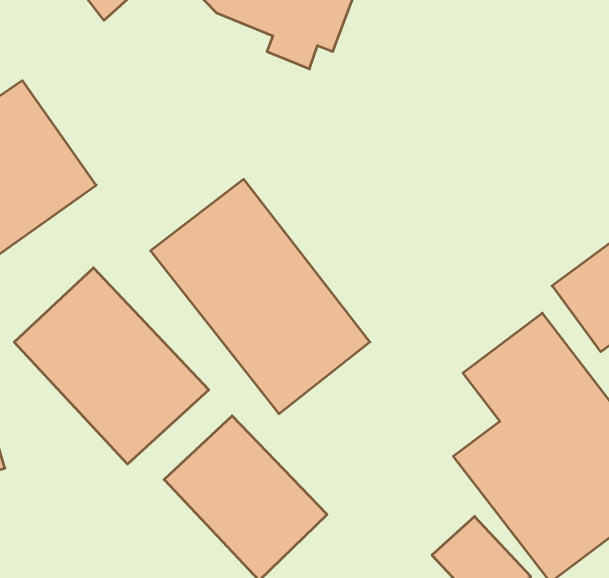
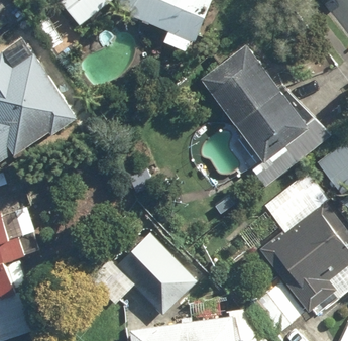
building: [151,179,370,414] -> [198,41,312,163]
building: [14,268,209,464] -> none

